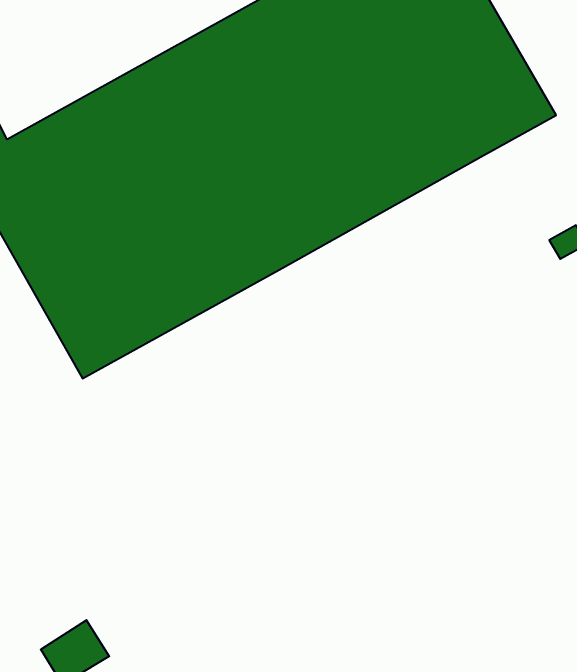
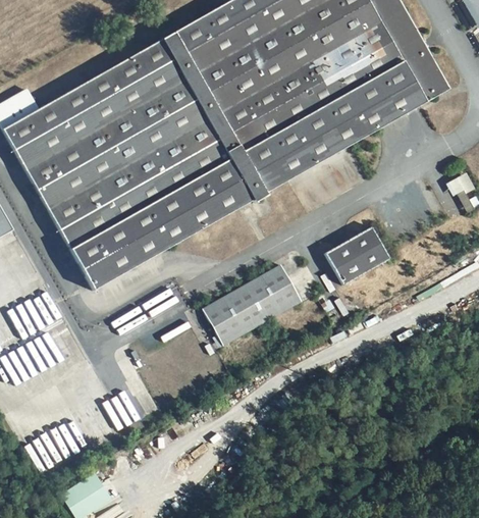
building: none -> [325,227,388,283]
building: none -> [199,264,298,344]

